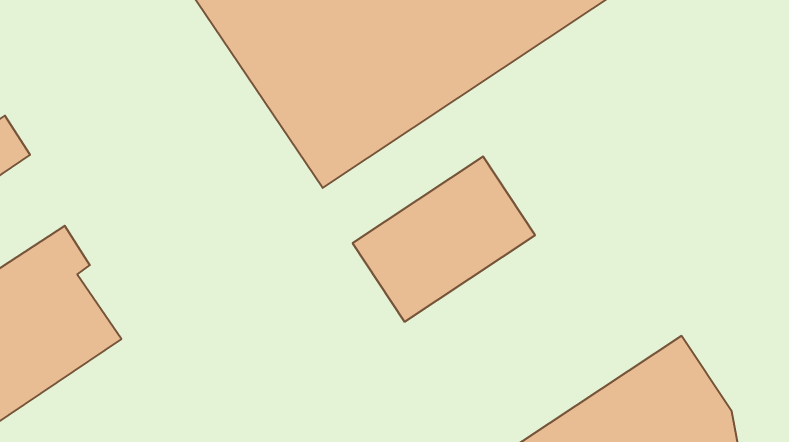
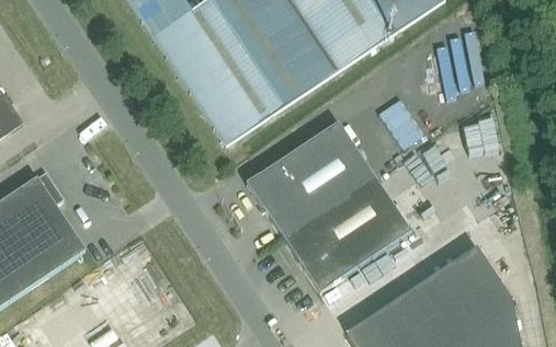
building: none -> [283,176,410,291]

